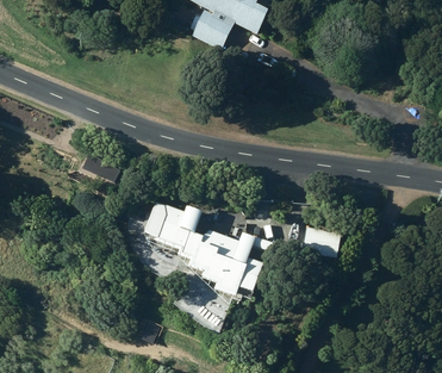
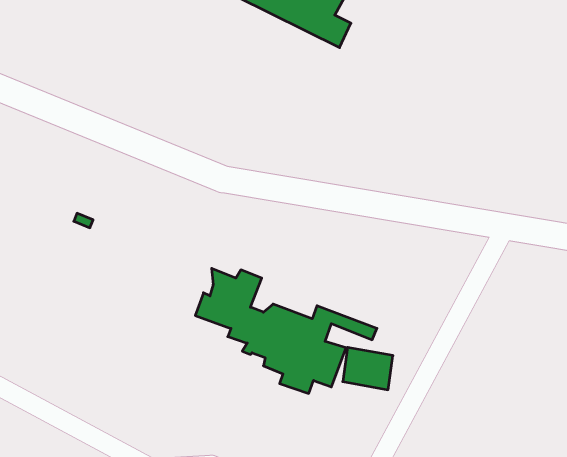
building: [192,14,231,49] -> none
building: [300,225,337,256] -> [343,347,393,390]

